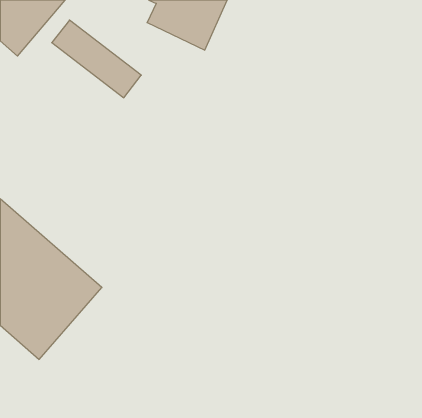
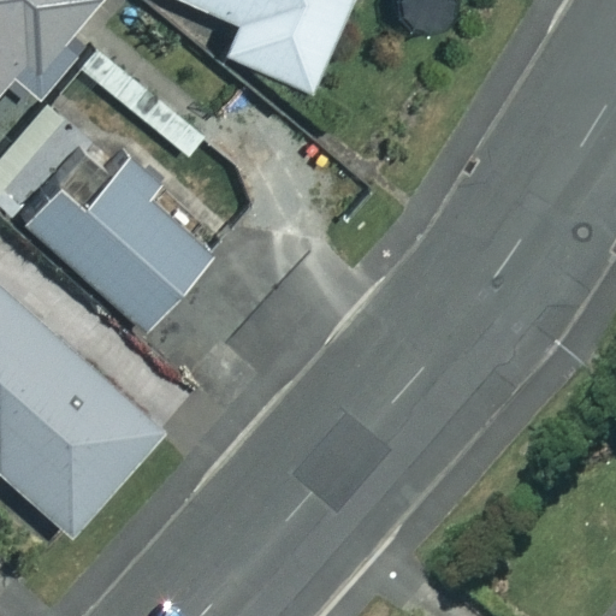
building: none -> [23,156,219,327]

